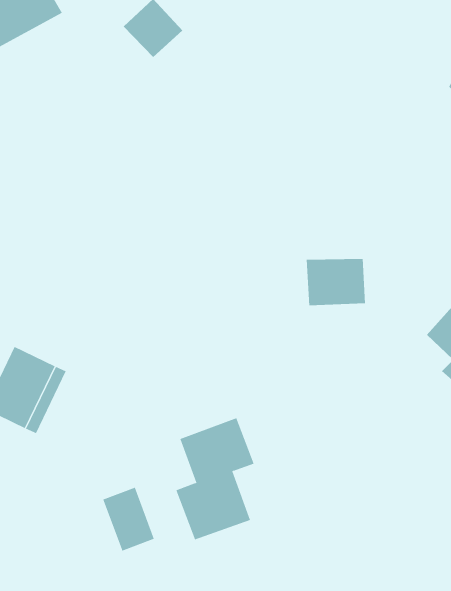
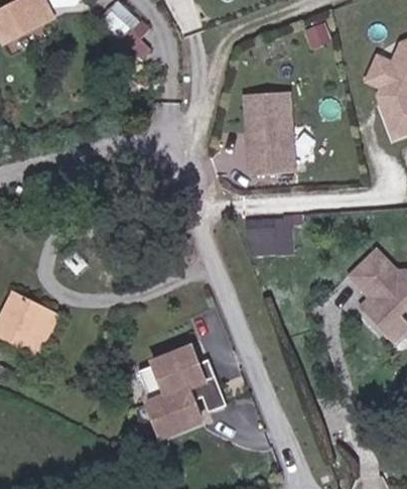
building: none -> [244,92,295,175]
building: [103,487,155,551] -> none

